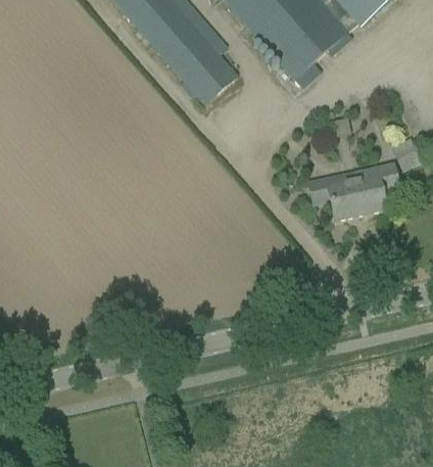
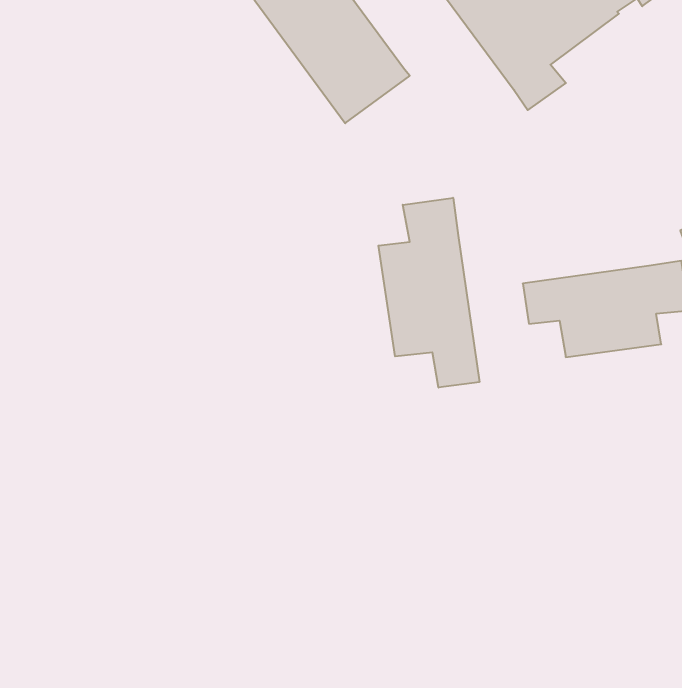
building: none -> [378,198,479,388]

